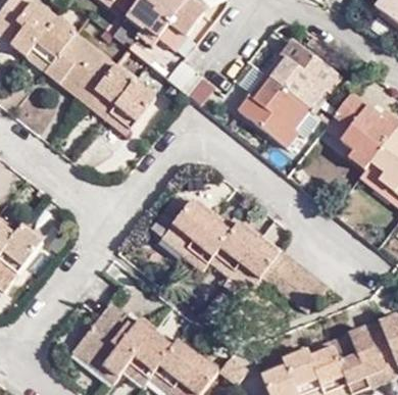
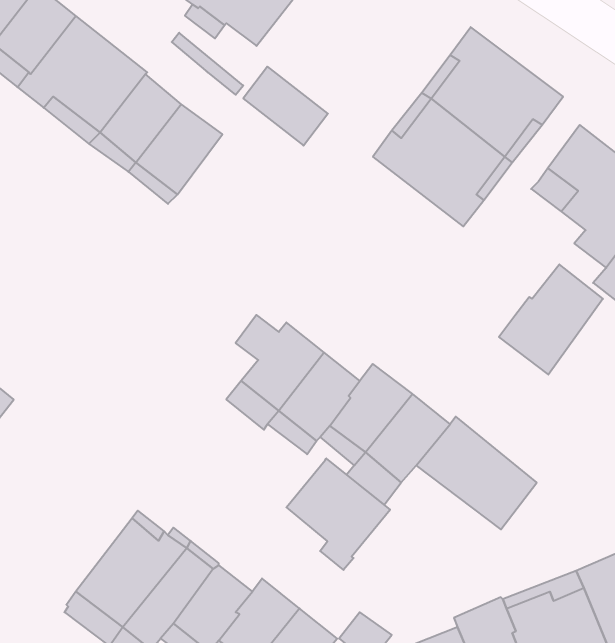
building: none -> [499,264,603,375]
building: none -> [286,458,390,570]

